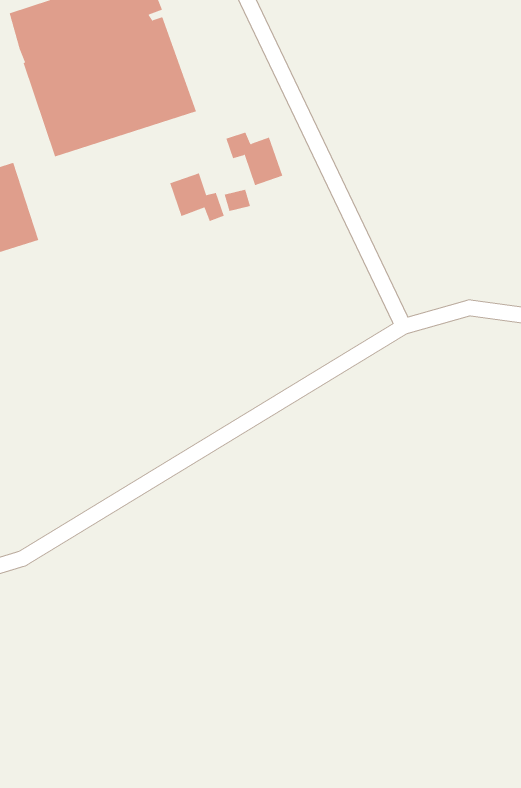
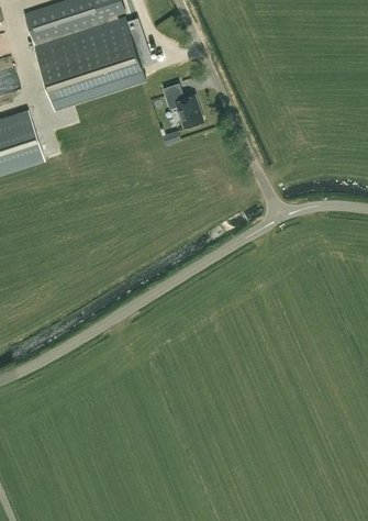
building: [169,172,225,222] -> none

